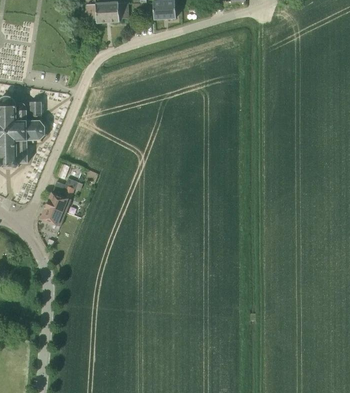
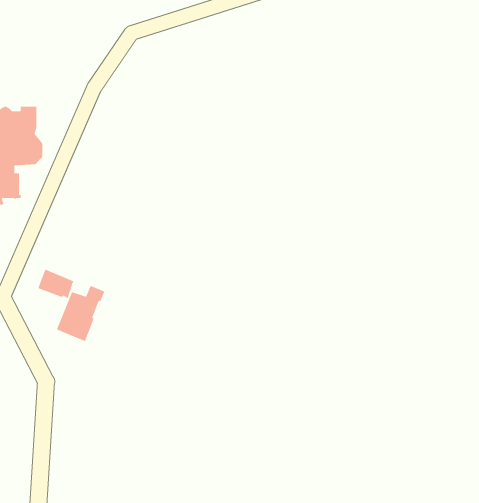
building: [45,177,77,214] -> [56,285,106,342]

